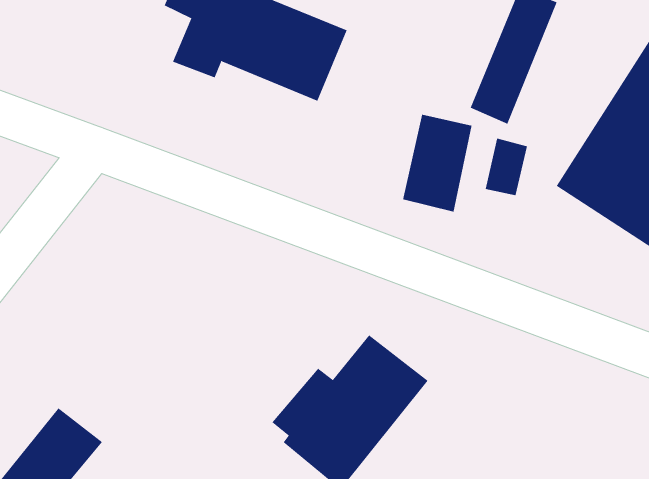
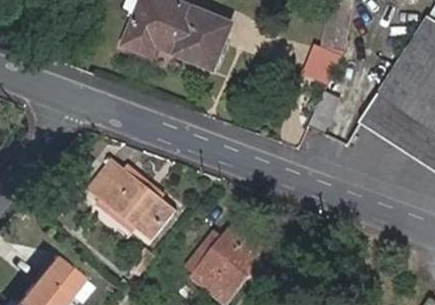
building: [403,114,472,212] -> none
building: none -> [88,160,178,243]

